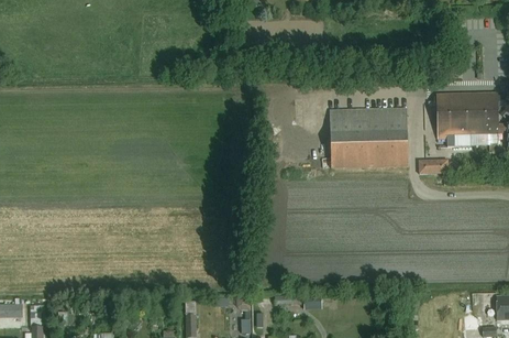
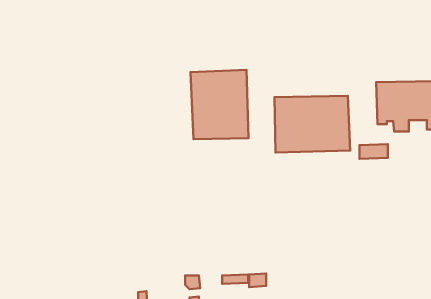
building: none -> [191,70,248,139]

